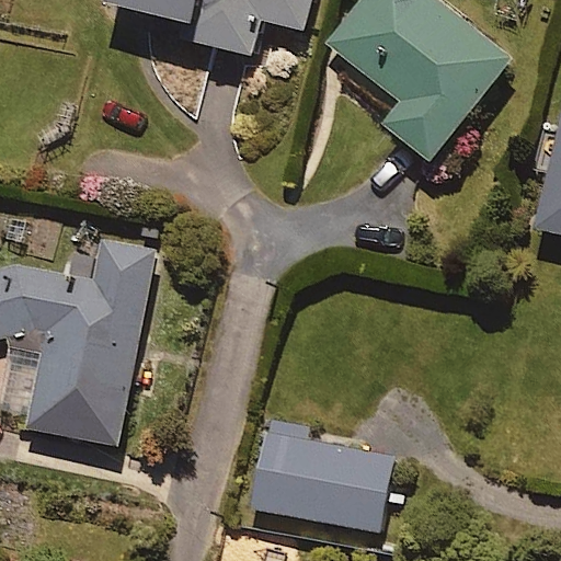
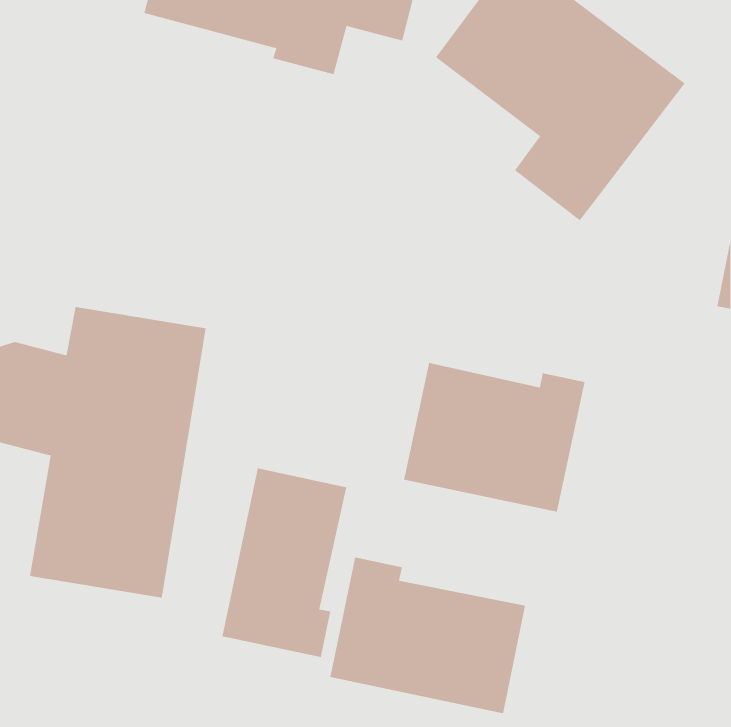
building: none -> [403,362,585,512]
building: none -> [222,467,347,658]

